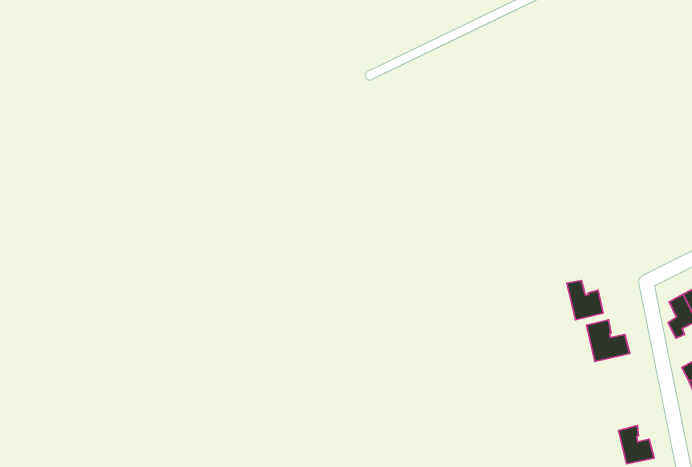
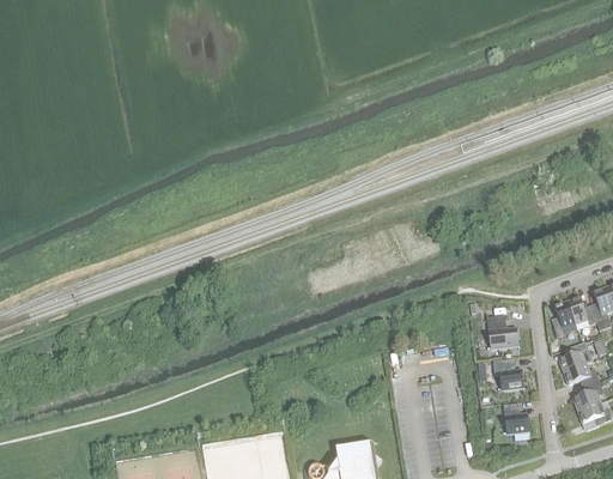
building: [567,281,603,320] -> none
building: none -> [497,358,522,388]

